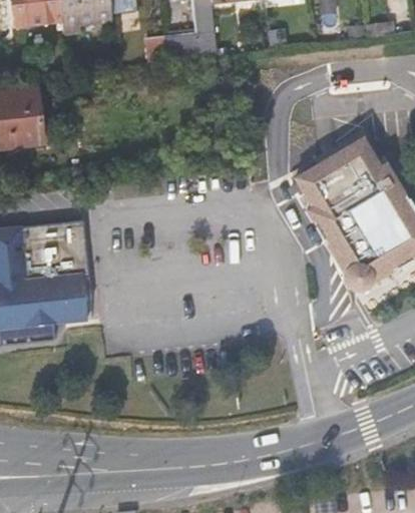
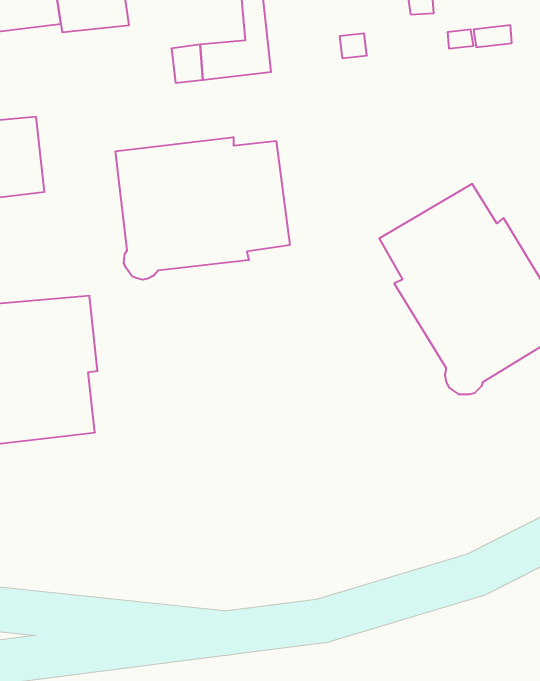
building: none -> [116,137,290,280]

